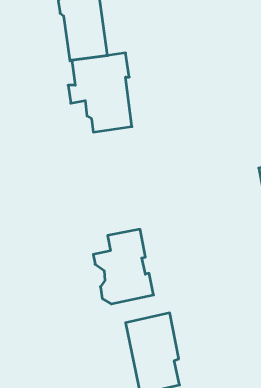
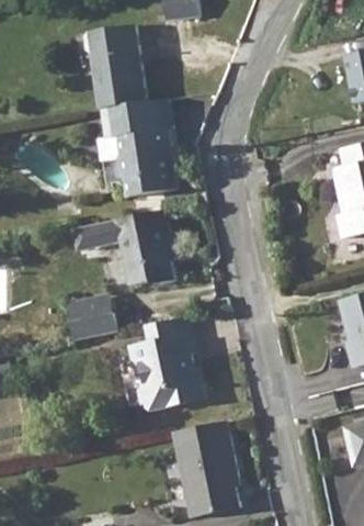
building: none -> [89,211,169,291]
building: none -> [65,298,116,338]

